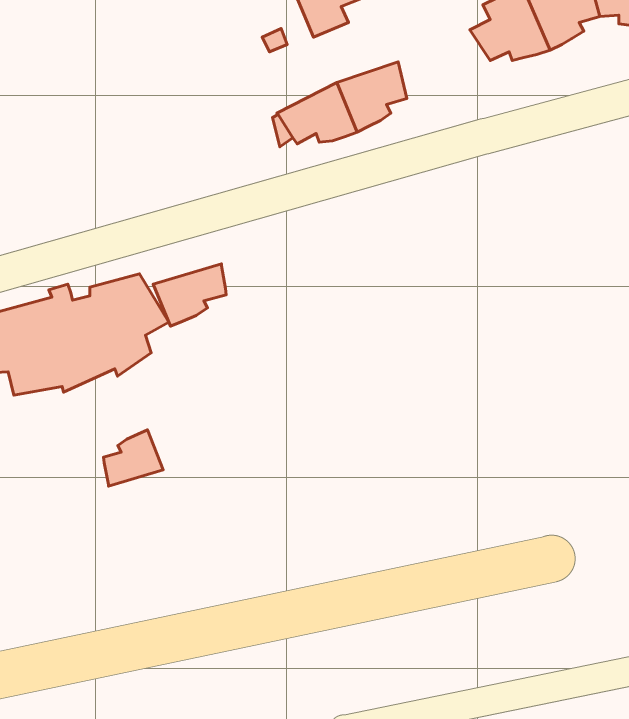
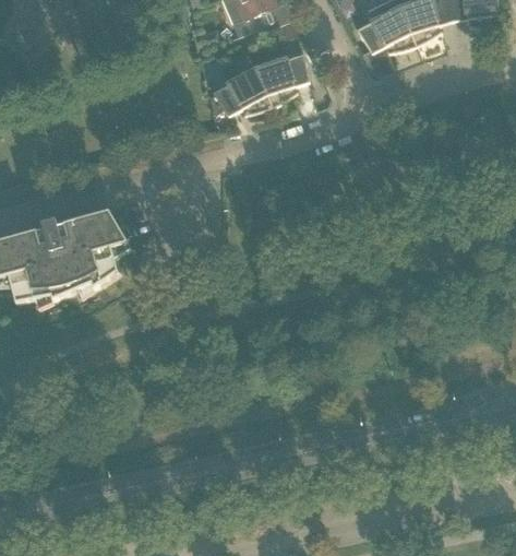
building: [153,264,226,326] -> none
building: [104,430,163,486] -> none

